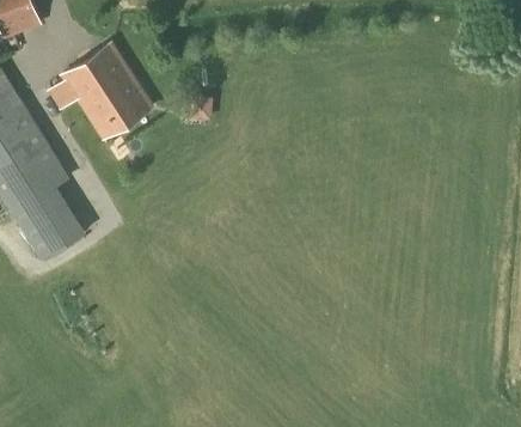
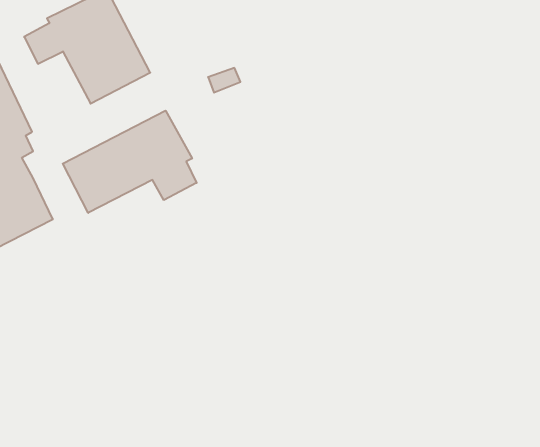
building: none -> [63,111,197,213]

